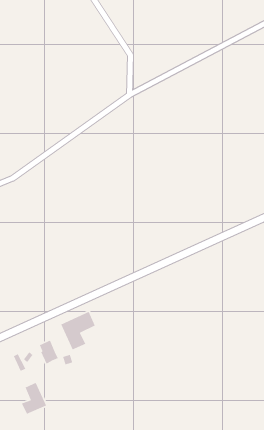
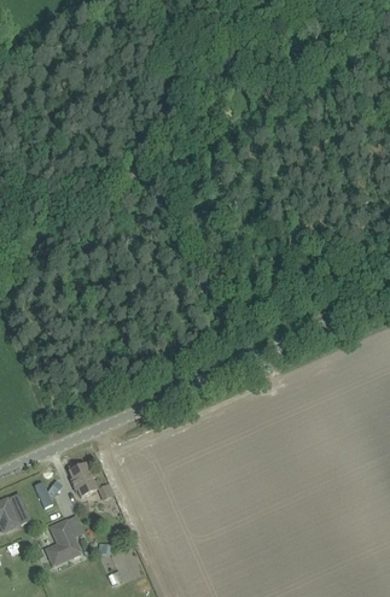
building: [60,311,96,350] -> none

